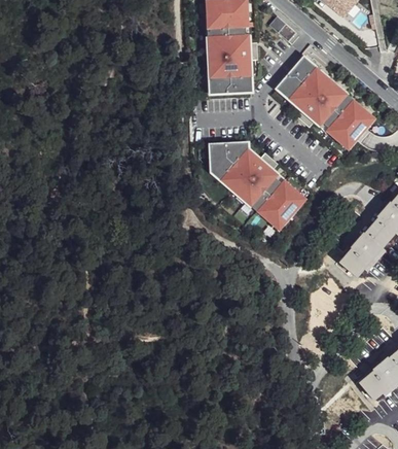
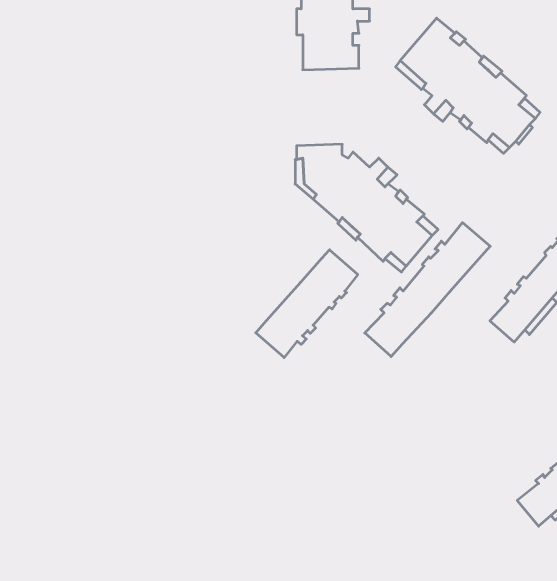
building: none -> [365,223,490,357]
building: none -> [256,250,358,358]

